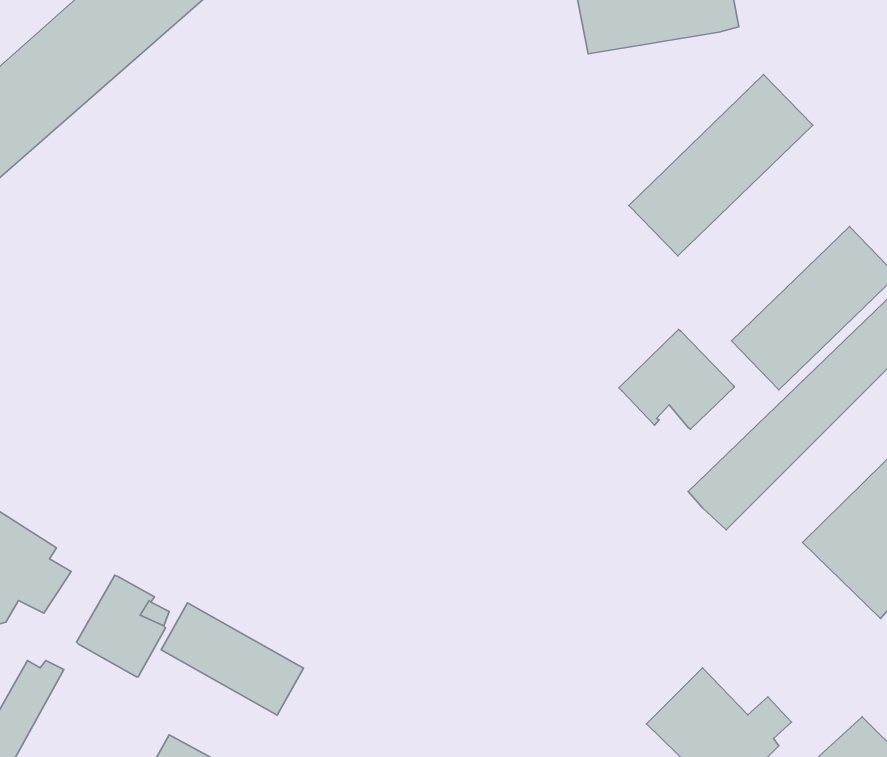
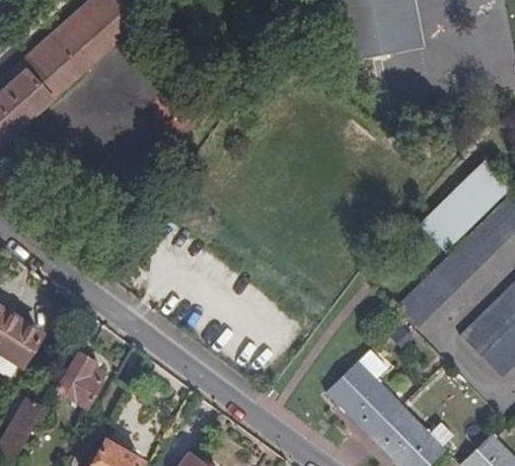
building: [629,75,813,256] -> none
building: [619,330,734,429] -> none
building: none -> [325,348,403,437]
building: [161,603,303,715] -> none

